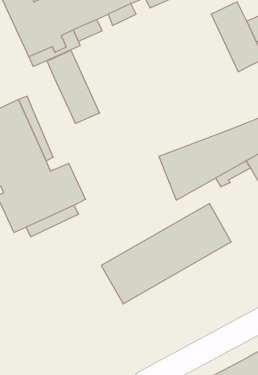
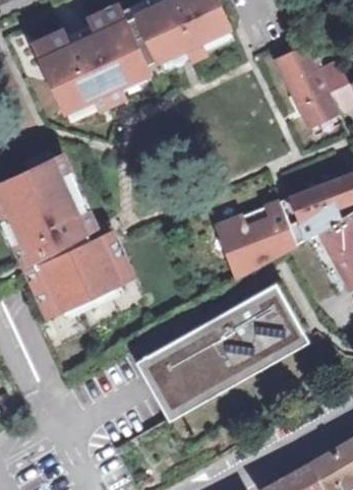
building: [47,50,100,123] -> none
building: none -> [134,325,306,418]

